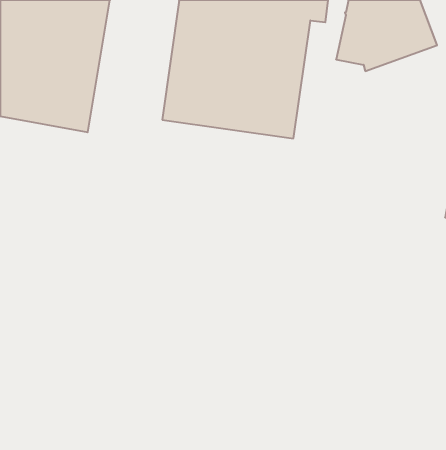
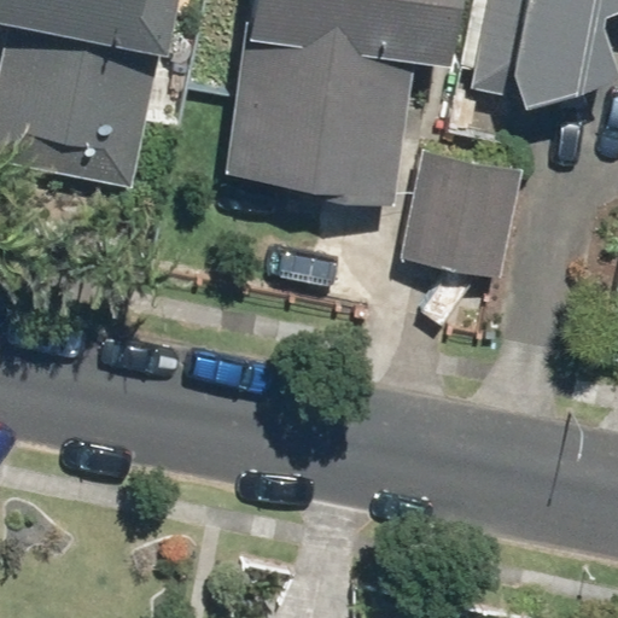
building: none -> [400,151,514,272]

